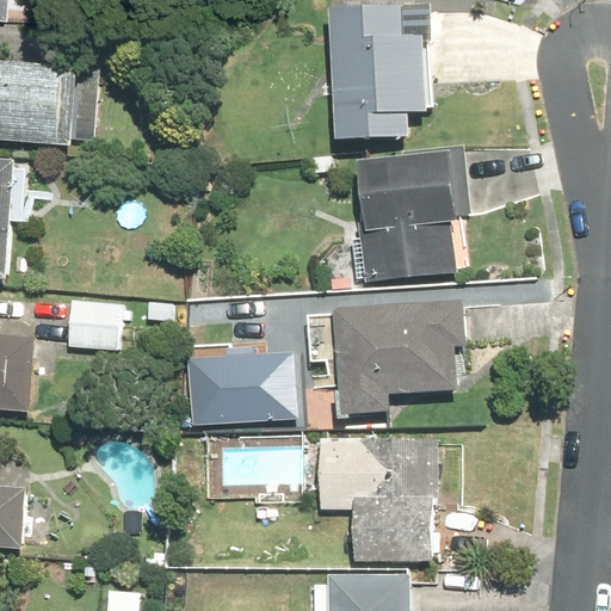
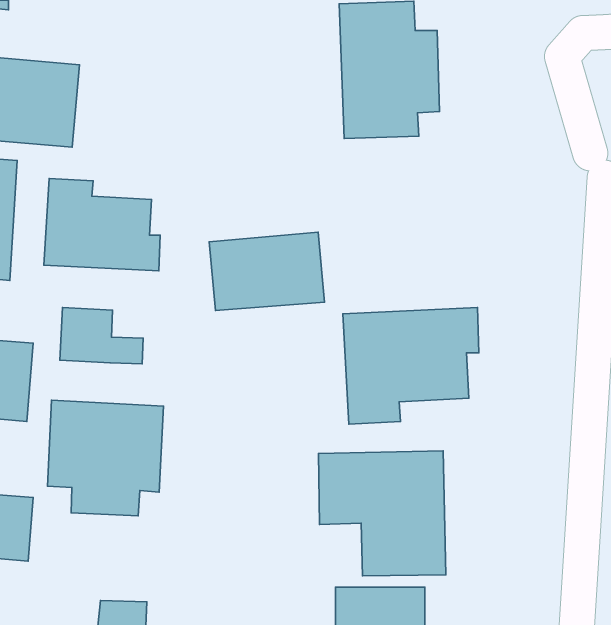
building: [353,148,465,282] -> none
building: none -> [44,178,160,271]
building: [179,347,291,424] -> [209,232,324,311]
building: none -> [47,400,163,516]

